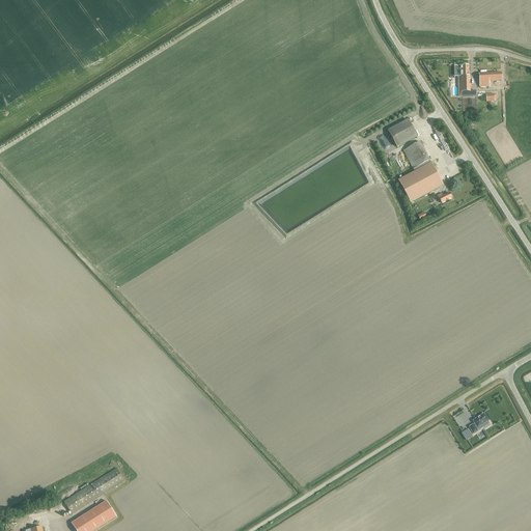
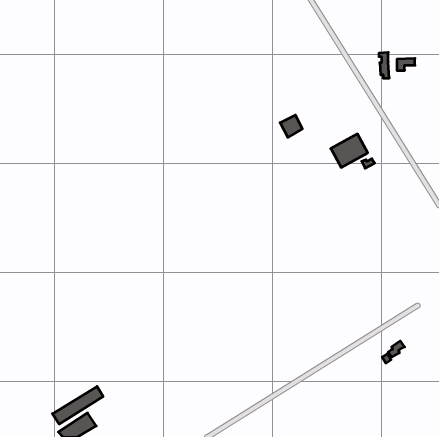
building: [389,119,416,146] -> [280,115,302,137]
building: [402,141,429,168] -> none

